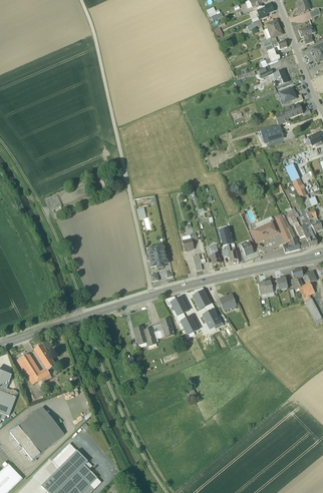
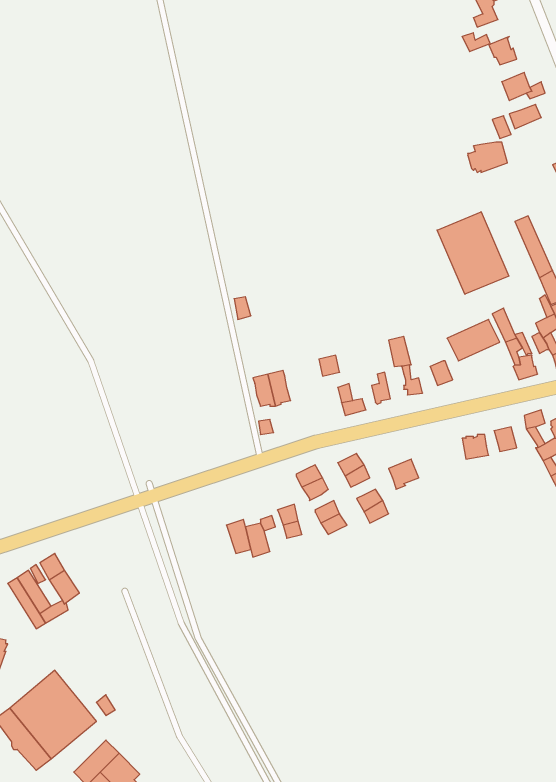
building: none -> [437,212,509,294]

